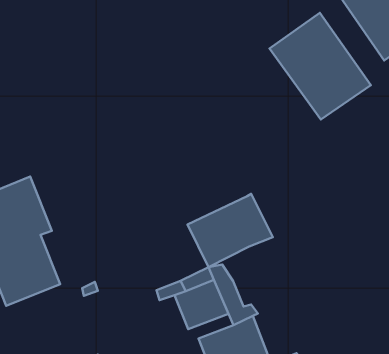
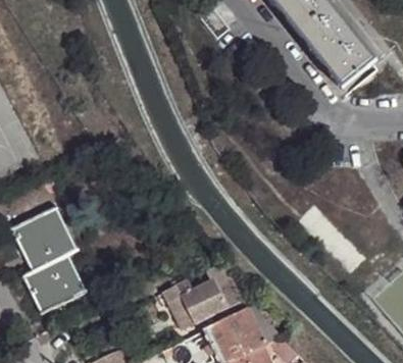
building: [270,13,371,120] -> none
building: [188,194,273,267] -> none

